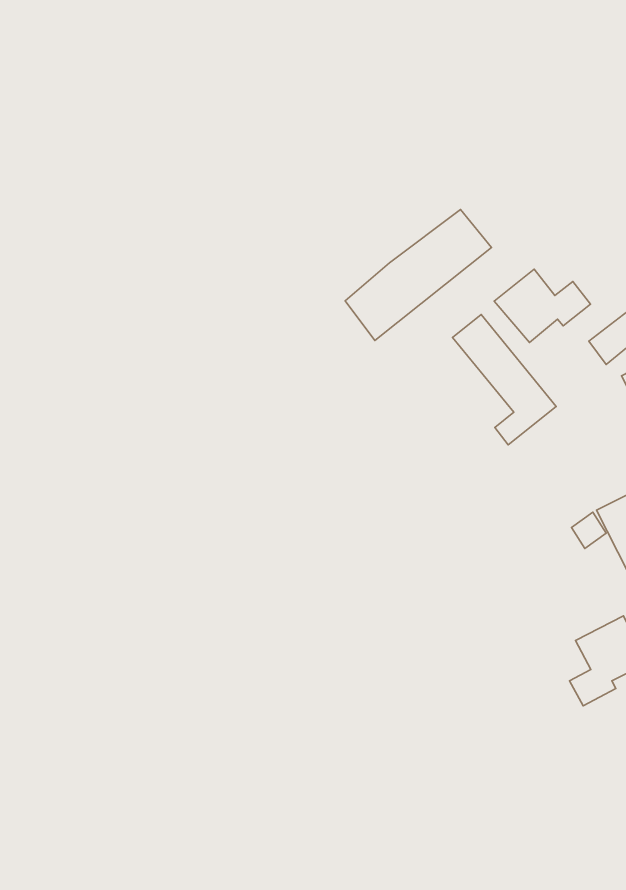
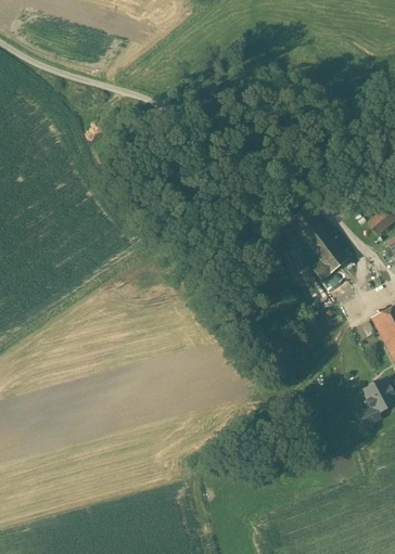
building: [345,210,491,341] -> none
building: [494,269,591,343] -> none

